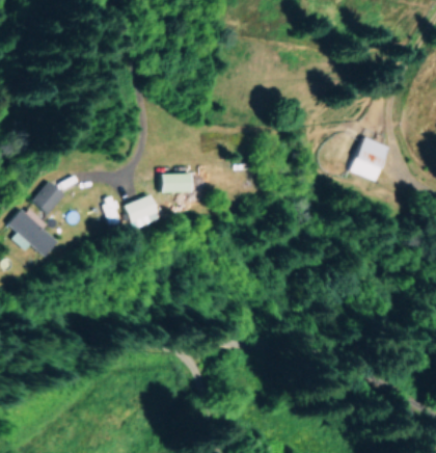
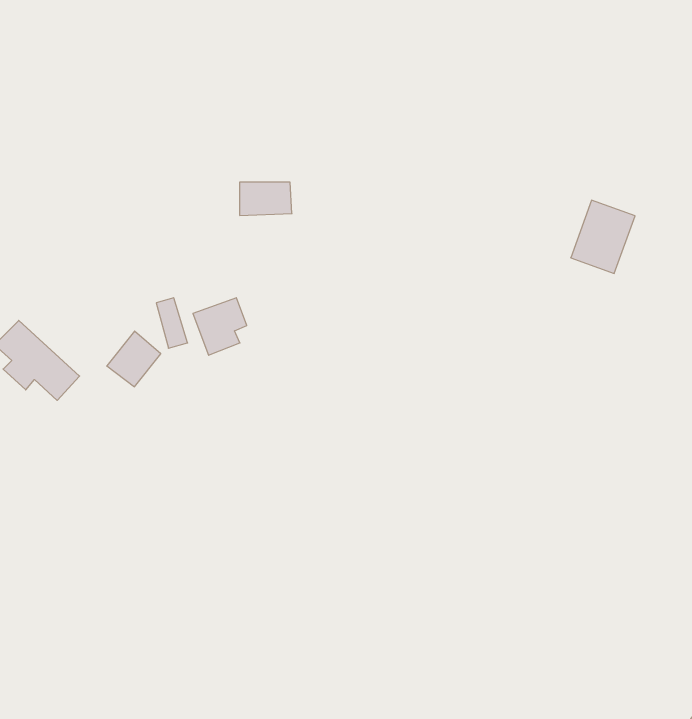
building: [160,174,191,193] -> [240,182,292,215]
building: [31,181,63,214] -> [107,331,161,387]

